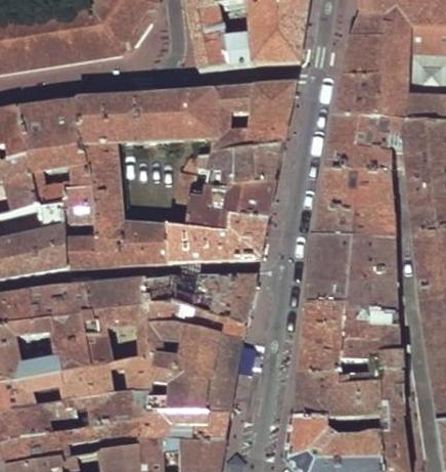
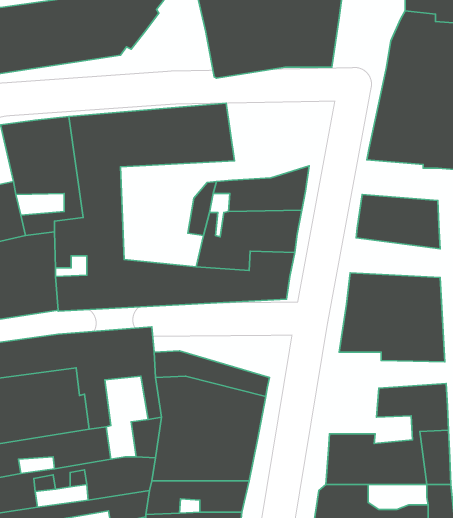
building: [211,85,295,155] -> none
building: [326,137,391,172] -> none
building: [316,204,393,238] -> none
building: [147,276,257,323] -> none
building: [299,301,398,371] -> none

